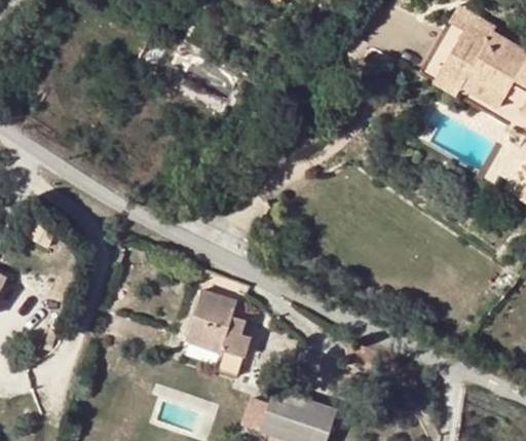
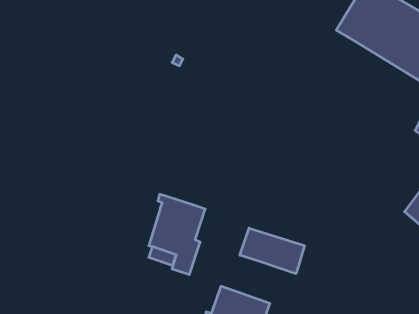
building: none -> [240,228,304,274]

